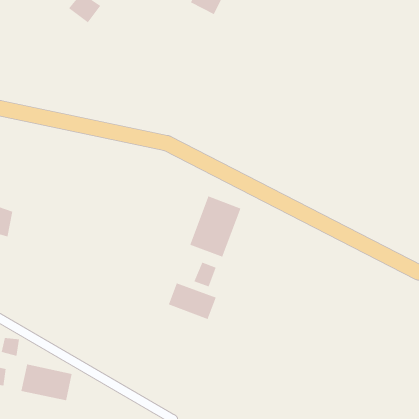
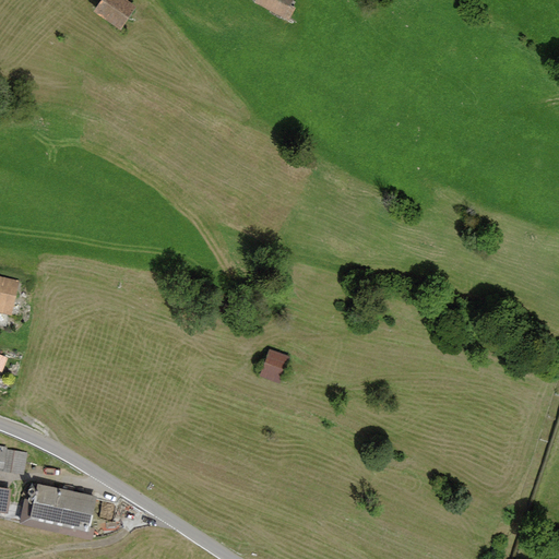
building: [190,196,241,257] -> none
building: [168,282,216,320] -> none

